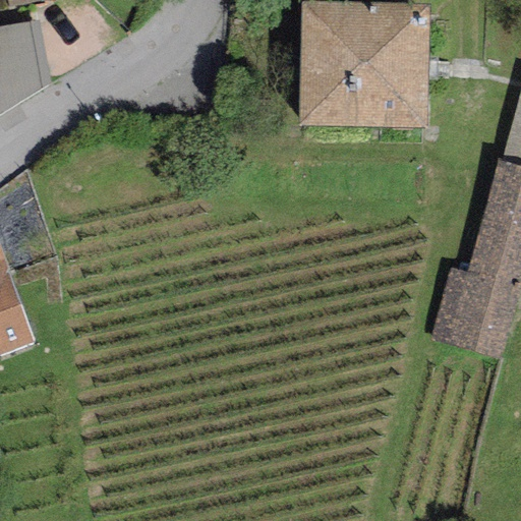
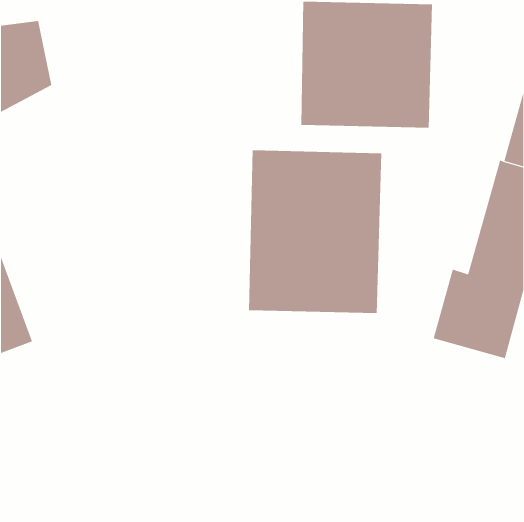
building: none -> [249,150,382,314]

